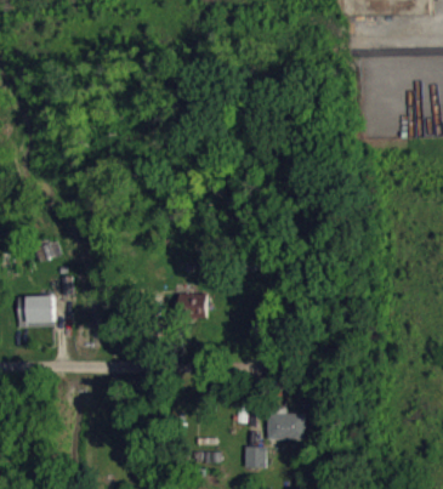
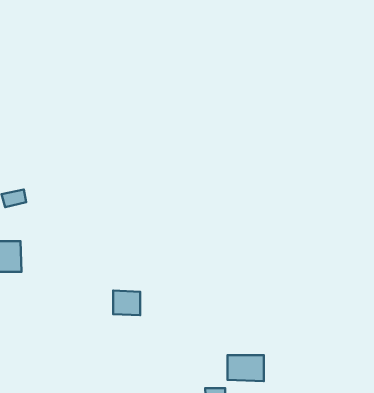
building: [176,292,204,318] -> [113,291,140,315]

